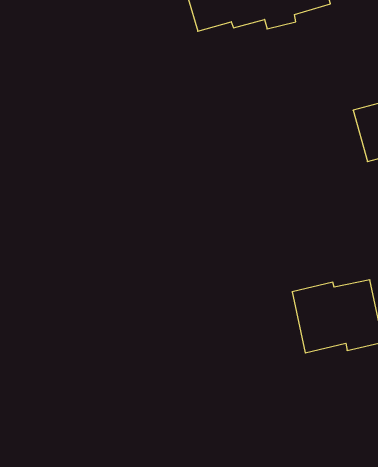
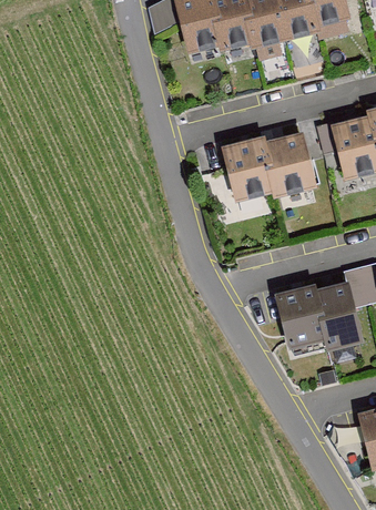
building: none -> [227,133,314,203]

